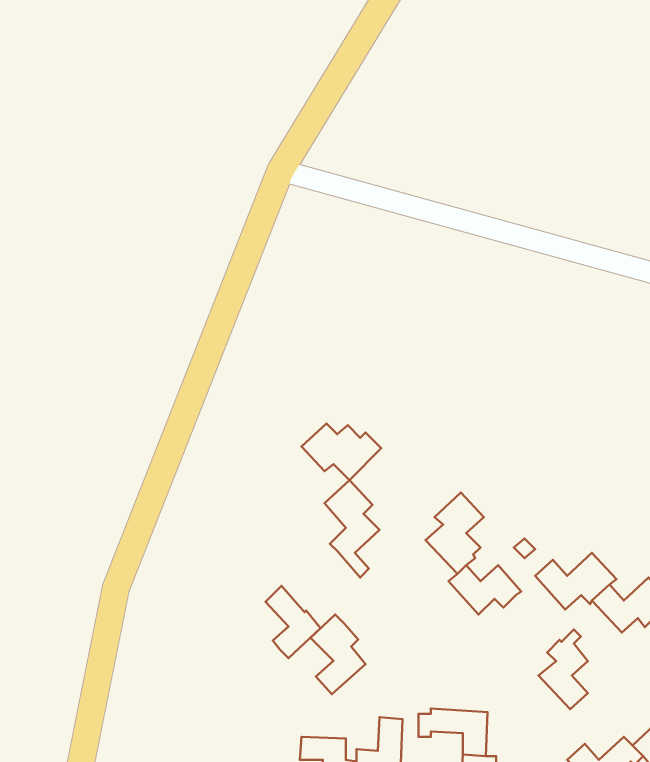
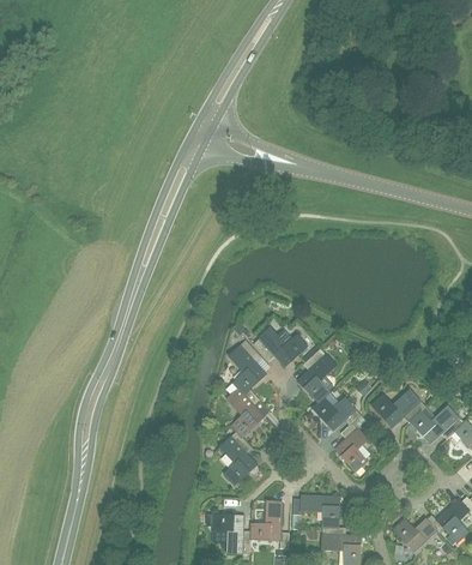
building: [302,424,381,480] -> [253,327,307,366]
building: [266,586,320,658] -> [226,387,264,437]
building: [538,629,588,709] -> [334,417,368,471]

